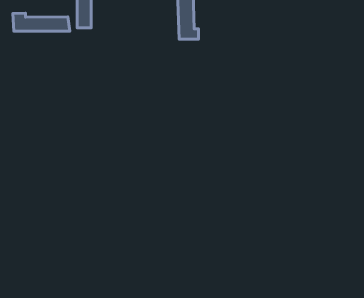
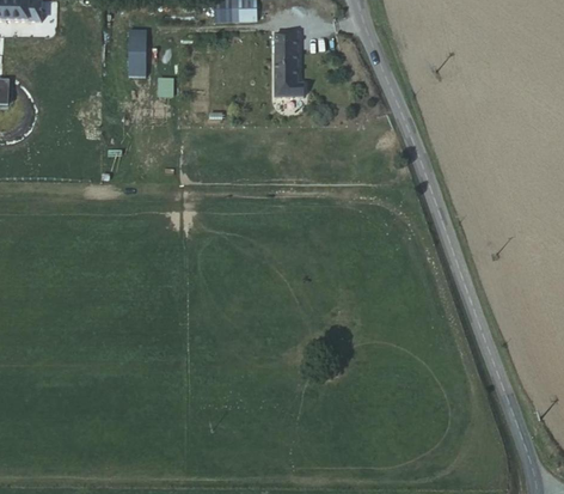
building: [13,13,70,31] -> none

